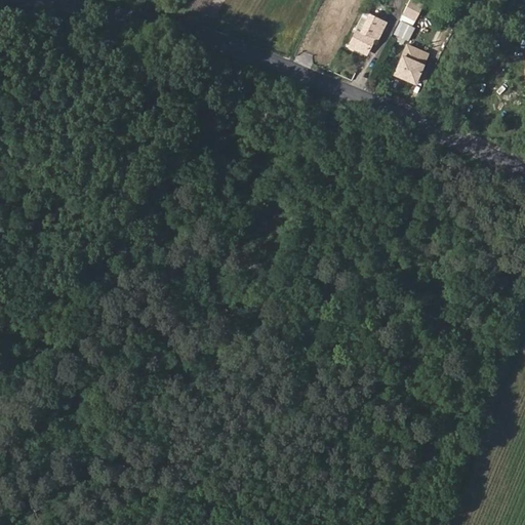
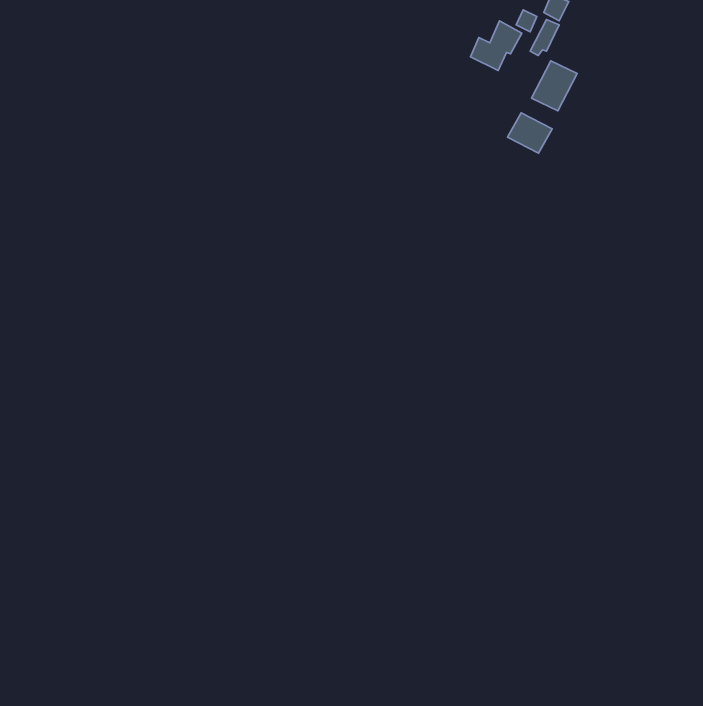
building: none -> [508,113,552,153]

